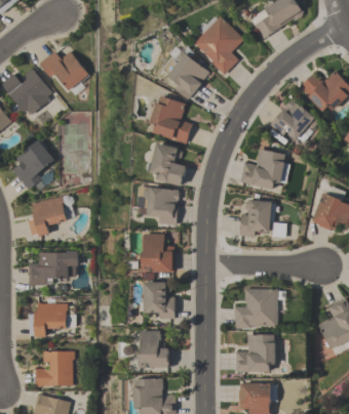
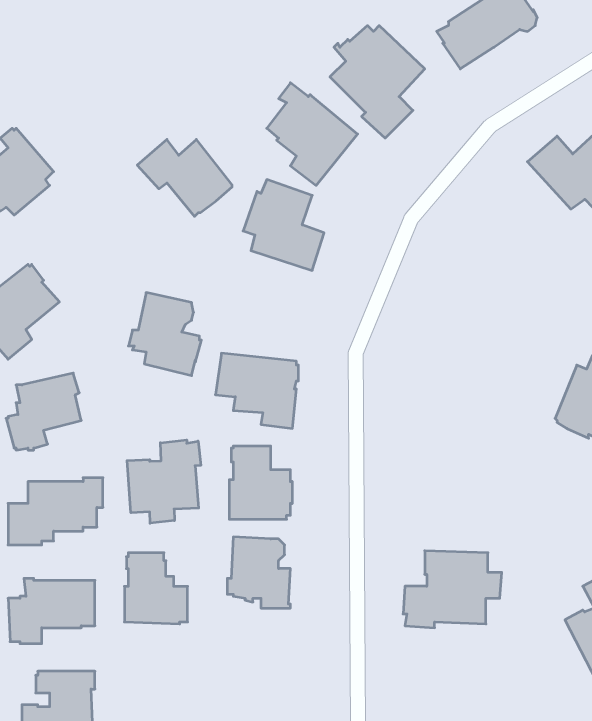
building: [38,50,87,90] -> [137,139,232,216]
building: [269,97,314,141] -> none
building: [148,142,186,185] -> [128,293,201,376]
building: [239,148,284,189] -> none
building: [238,199,272,236] -> none
building: none -> [127,440,201,523]
building: [140,330,172,367] -> [124,553,188,624]
building: [235,334,275,372] -> none

